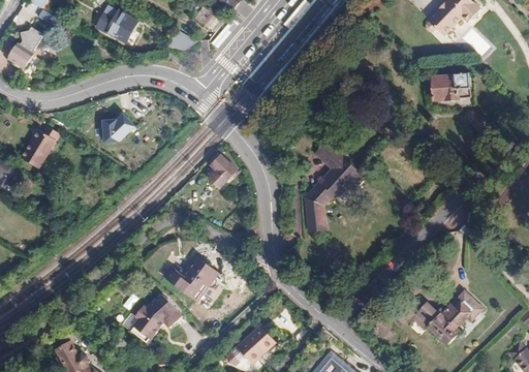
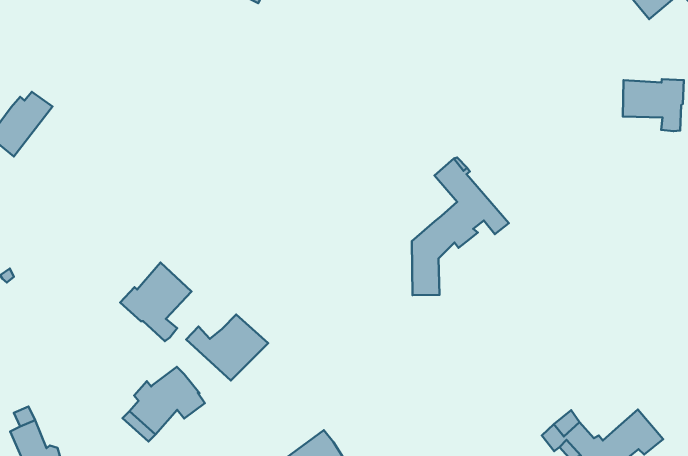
building: [102,112,136,142] -> none
building: [208,154,237,188] -> none
building: none -> [120,262,191,341]

